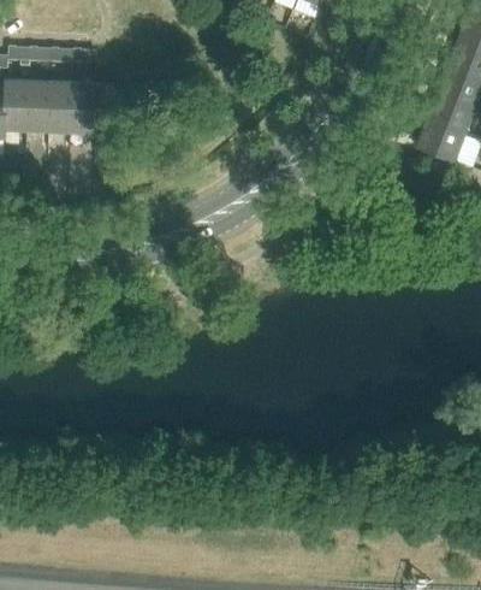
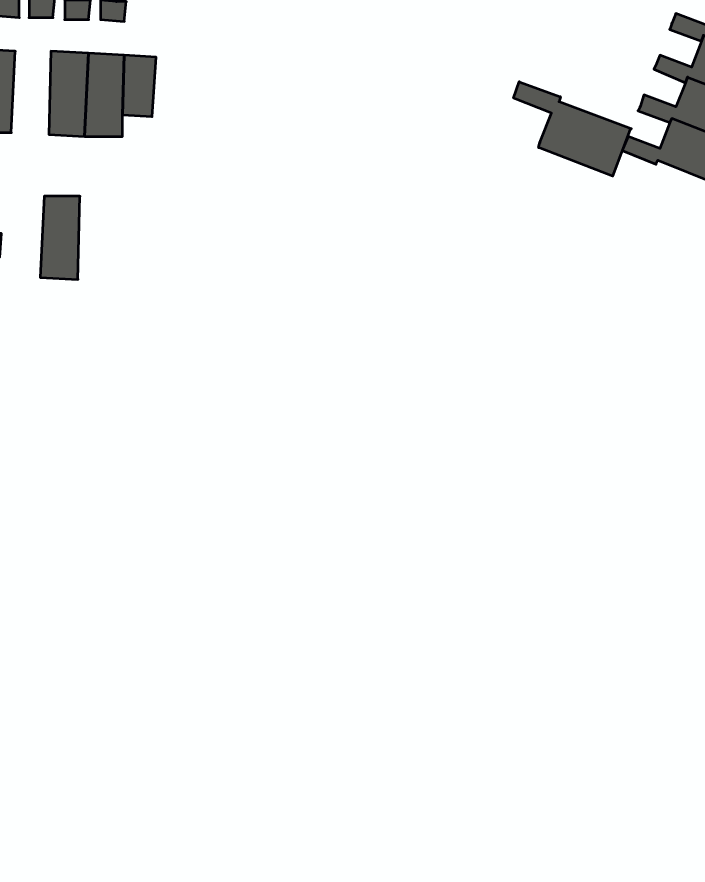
building: [26,81,51,131] -> [40,196,80,279]
building: none -> [514,82,631,176]

